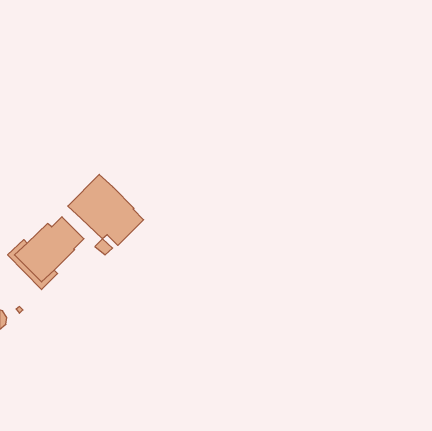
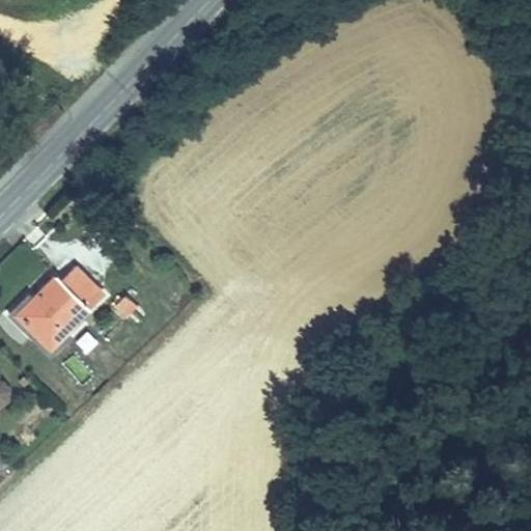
building: [68,174,144,245] -> none

